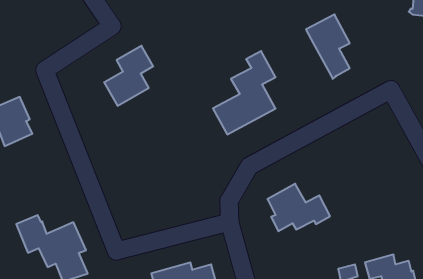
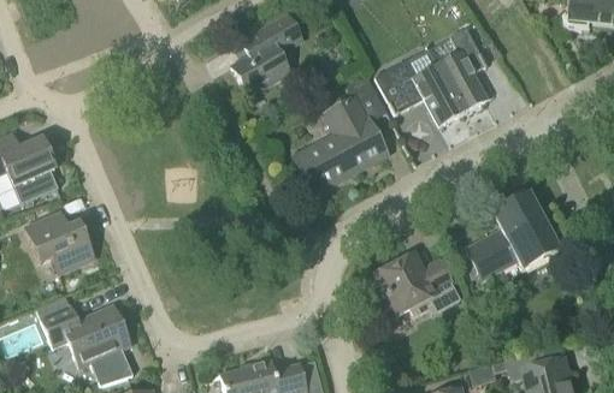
building: none -> [374,47,464,124]
building: [104,46,153,106] -> [231,16,297,96]
building: none -> [466,191,560,279]
building: none -> [26,212,94,273]

